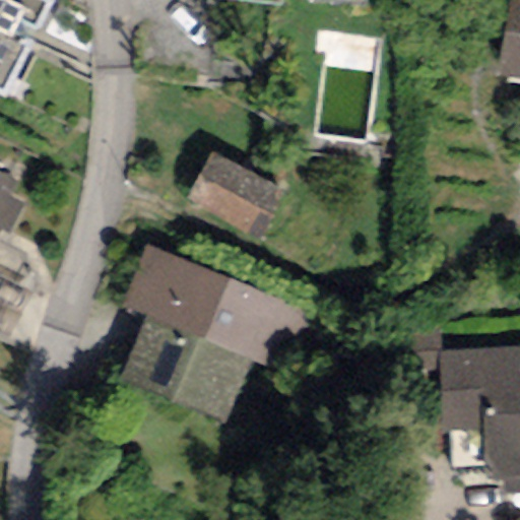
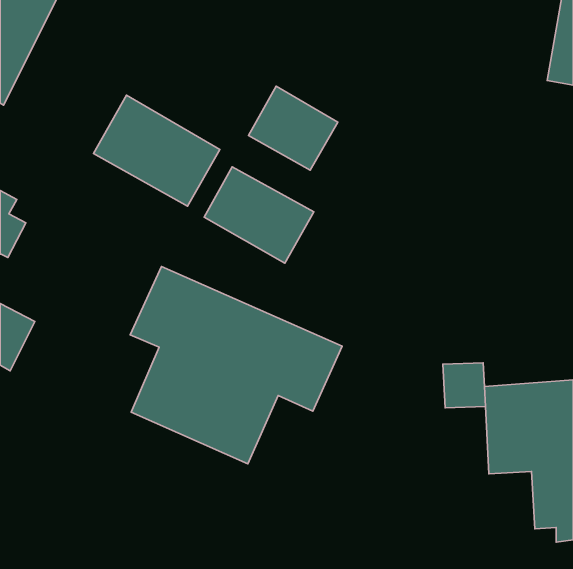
building: none -> [248,86,338,170]
building: none -> [93,95,220,206]

